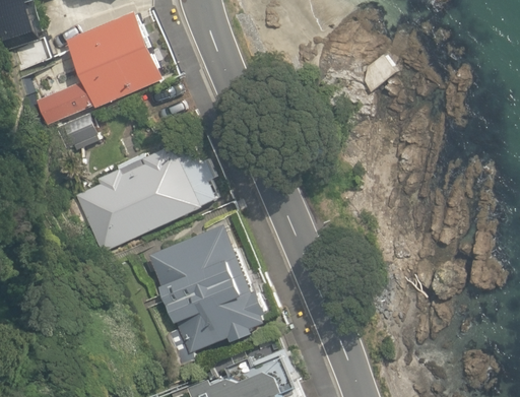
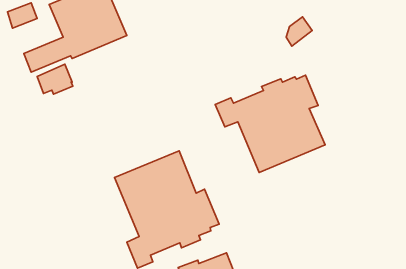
building: none -> [215,75,325,172]
building: [61,141,212,253] -> none

